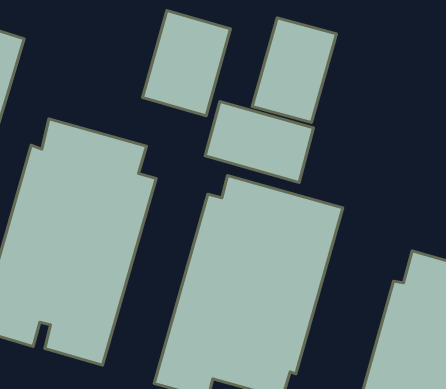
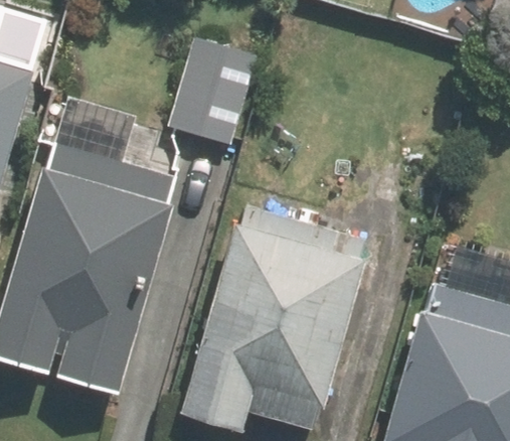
building: [252,18,336,122] -> none
building: [205,101,314,182] -> none

